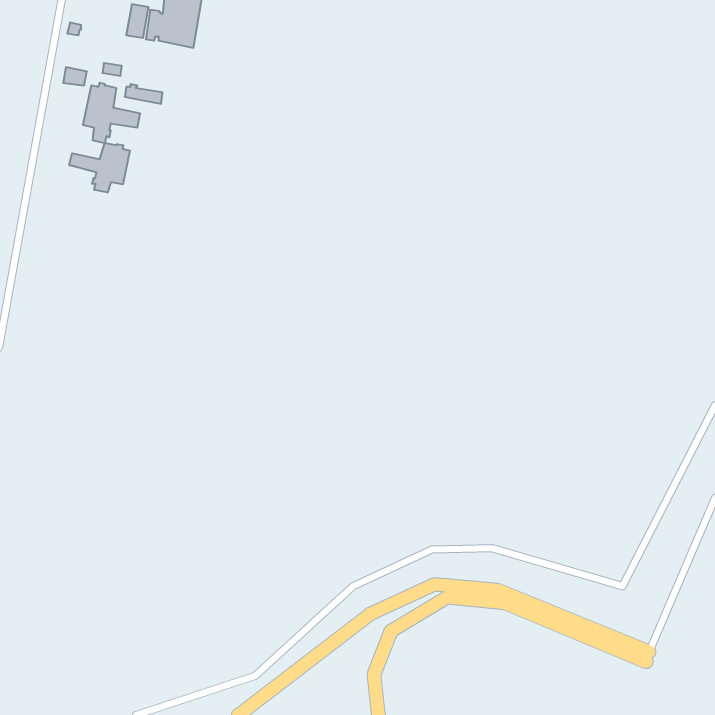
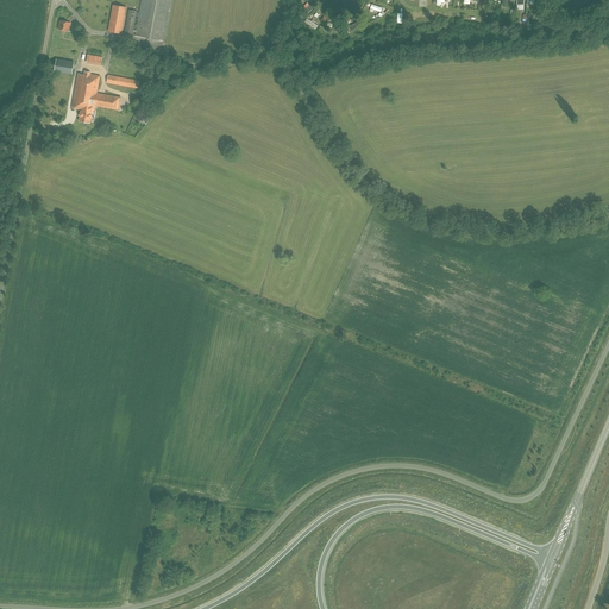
building: [69,143,130,193] -> none

